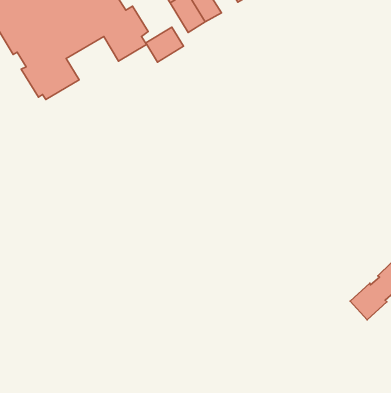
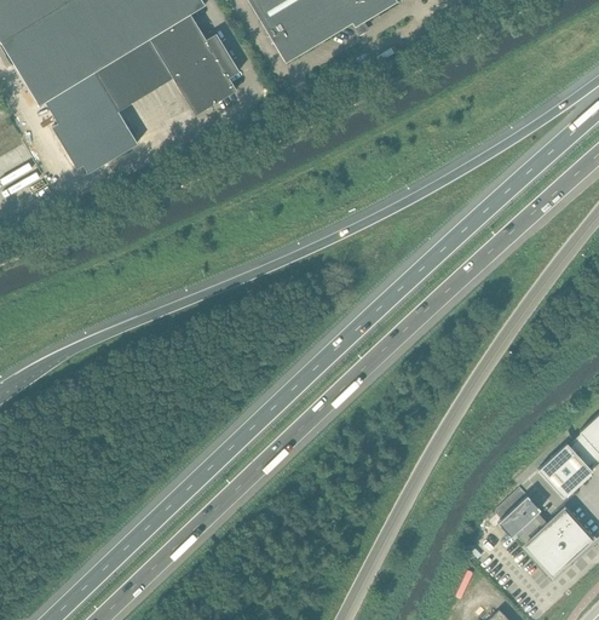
building: [146,27,183,62] -> none
building: none -> [494,487,592,575]

